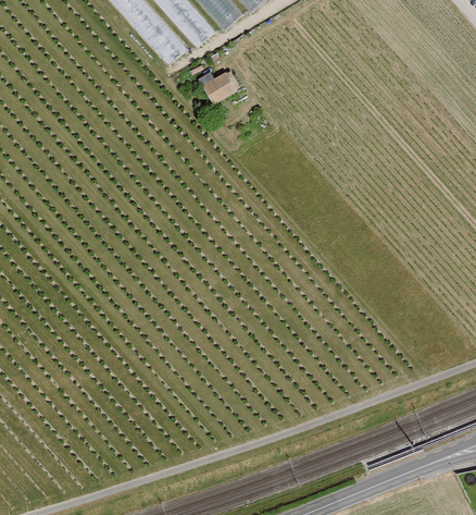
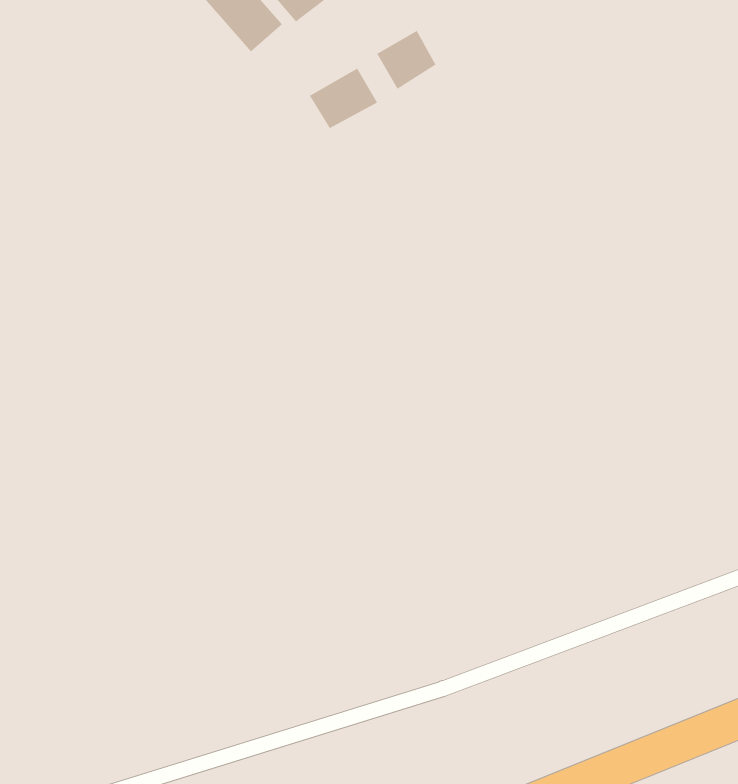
building: none -> [376,30,437,90]

